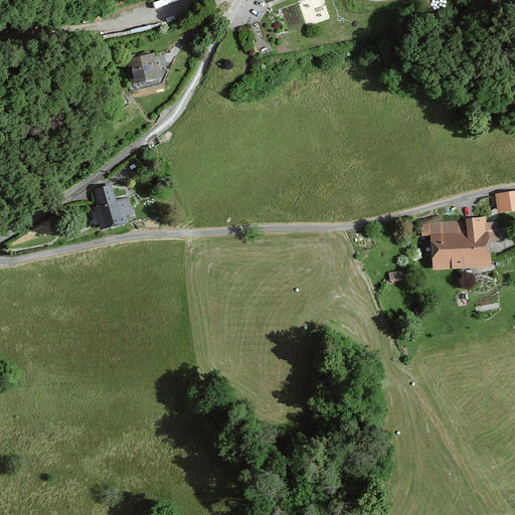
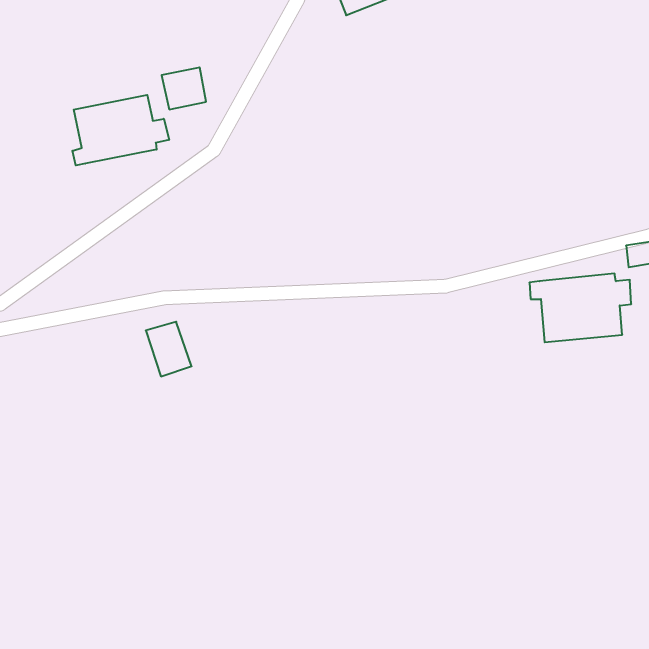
building: none -> [72,95,169,165]
building: [93,185,129,228] -> [146,322,192,376]

